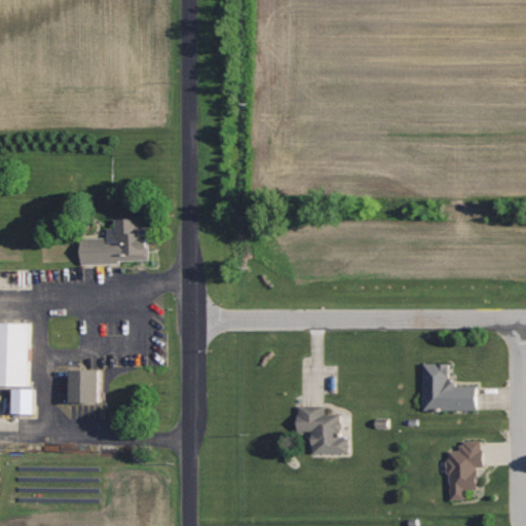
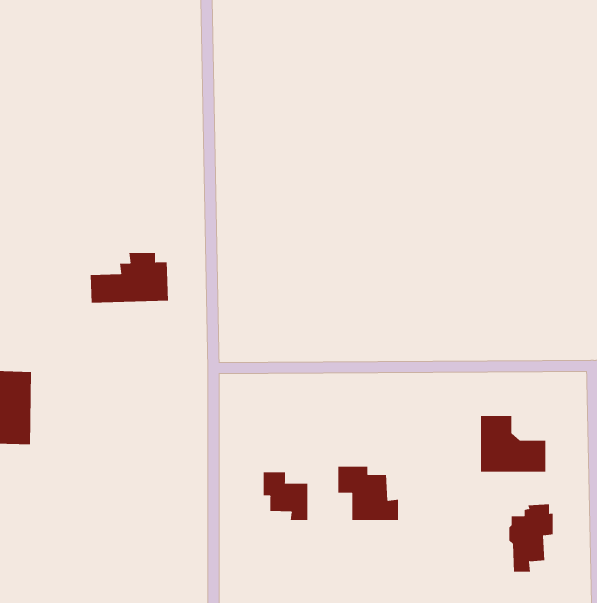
building: [69,371,100,405] -> none
building: [10,389,33,415] -> none
building: none -> [263,472,308,521]

